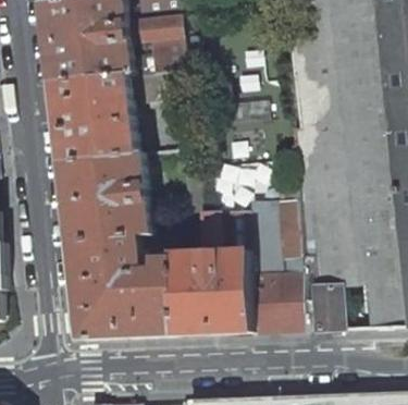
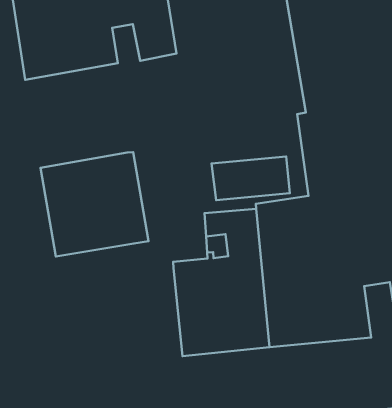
building: [52,68,190,161] -> none
building: [70,233,176,339] -> none

